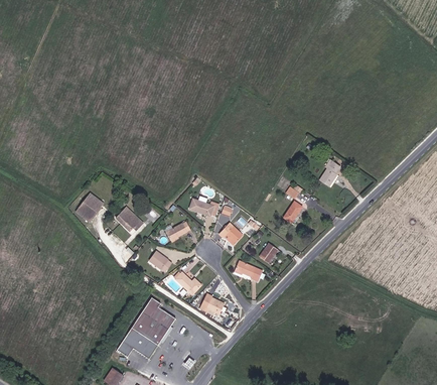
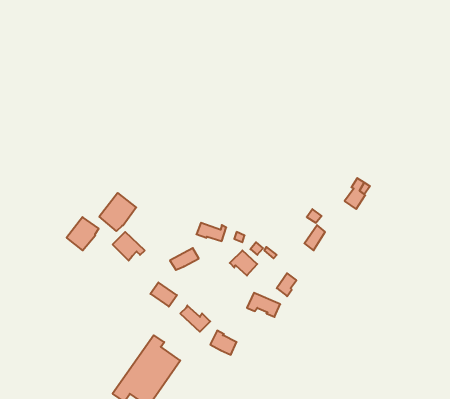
building: none -> [99,193,136,231]

